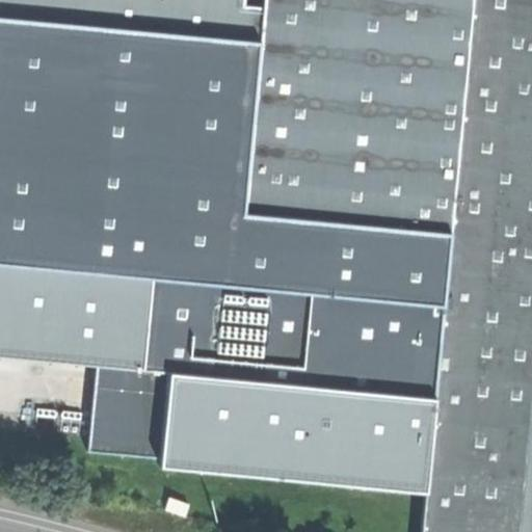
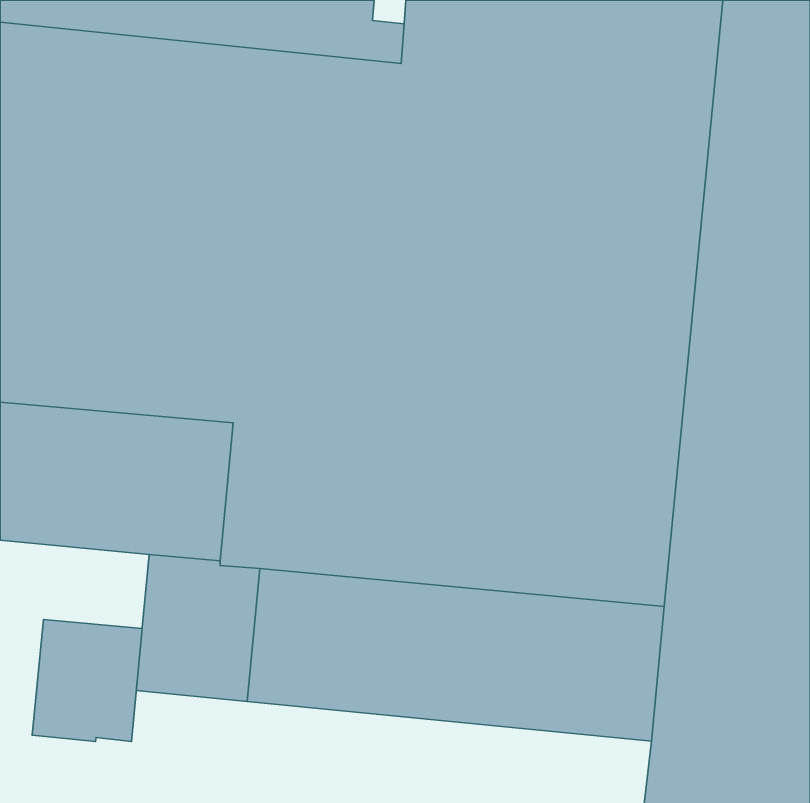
building: none -> [32,619,142,742]

